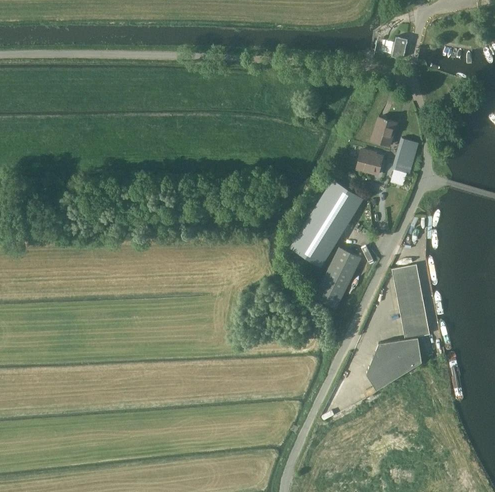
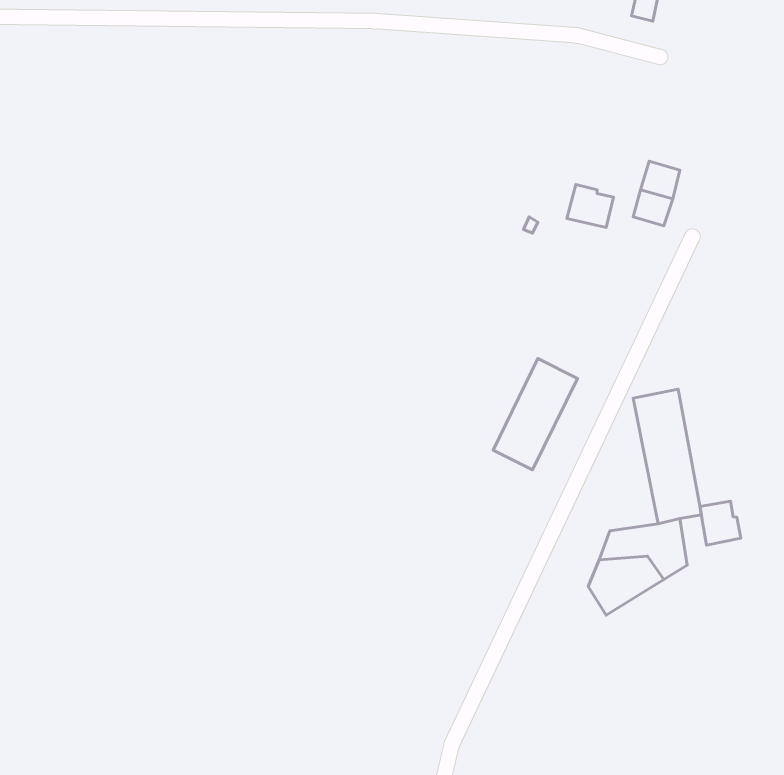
building: [371,118,396,146] -> none
building: [290,179,363,267] -> none
building: none -> [700,501,741,545]

